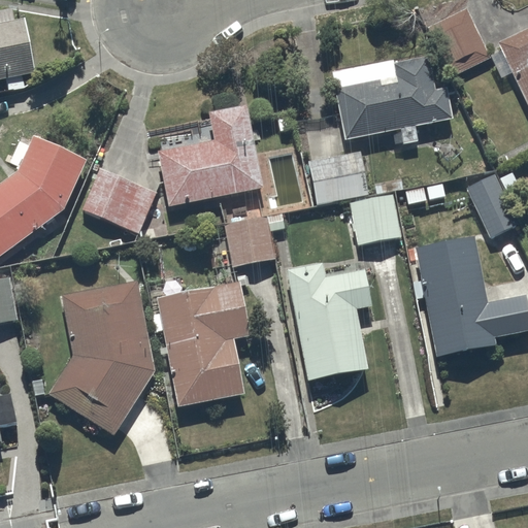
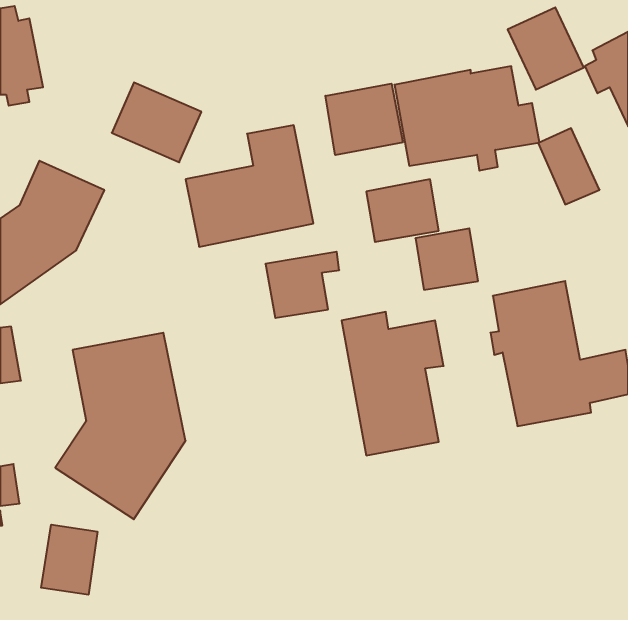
building: none -> [325,84,403,155]
building: [80,166,156,233] -> [112,82,201,162]
building: [466,172,518,236] -> [538,128,600,204]
building: [156,280,250,407] -> none
building: none -> [41,525,97,595]

